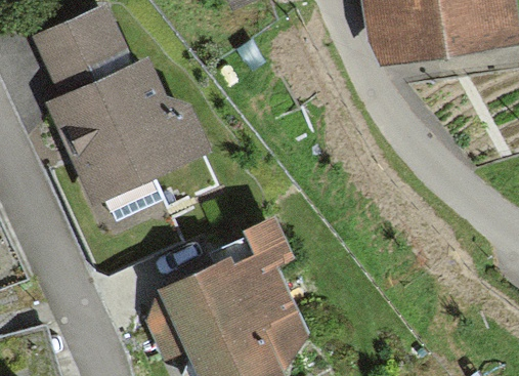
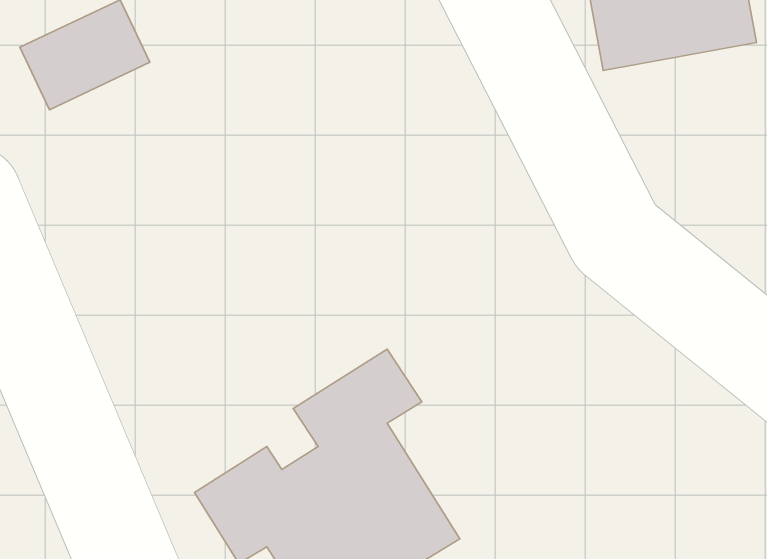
building: [55,61,206,202] -> none

